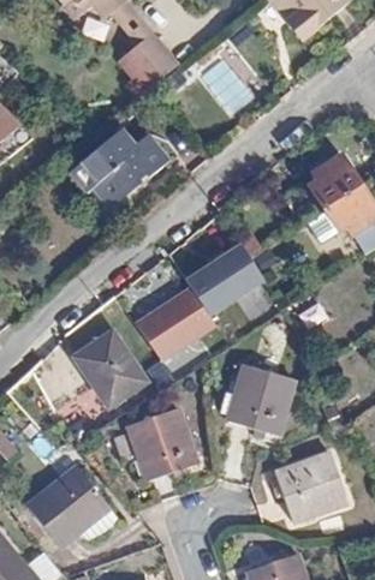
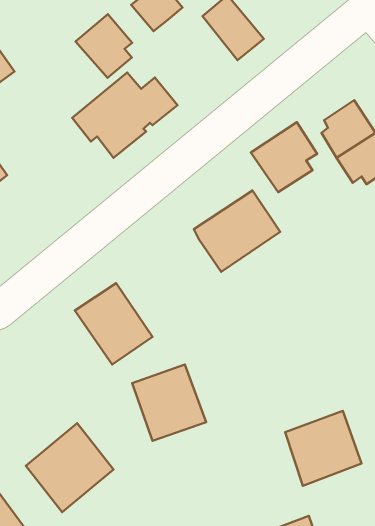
building: none -> [76,14,132,78]
building: none -> [251,122,317,192]
building: [137,286,219,363] -> none
building: [227,363,294,435] -> none

